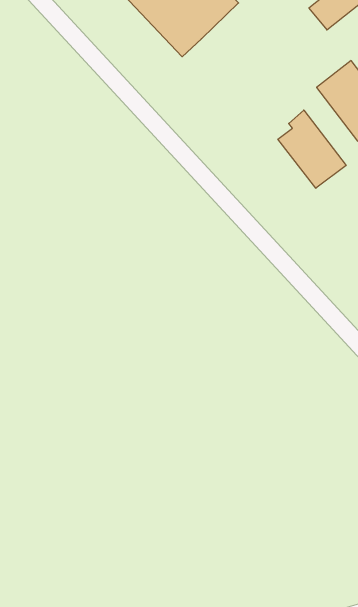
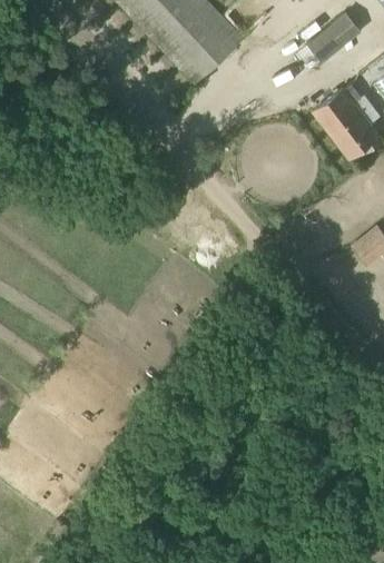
building: [278,110,346,188] -> none

